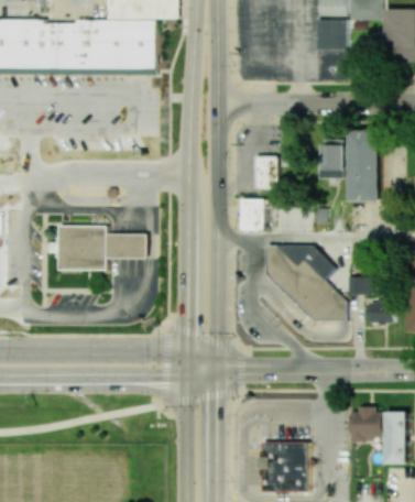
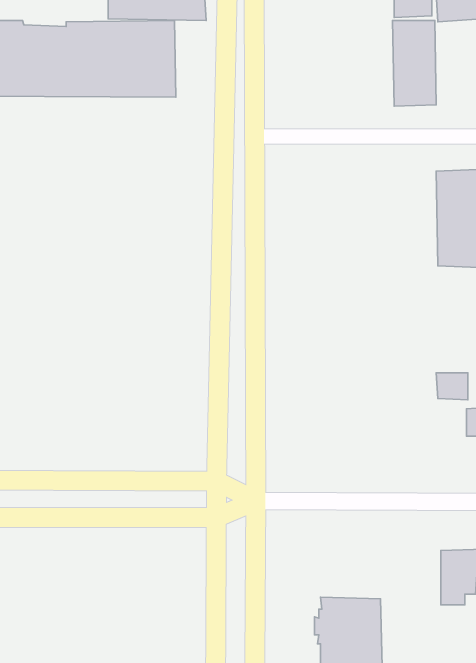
building: [316,139,341,178] -> none
building: [253,155,276,189] -> none
building: [239,198,263,230] -> none
building: [59,223,146,269] -> none
building: [265,244,345,320] -> none

